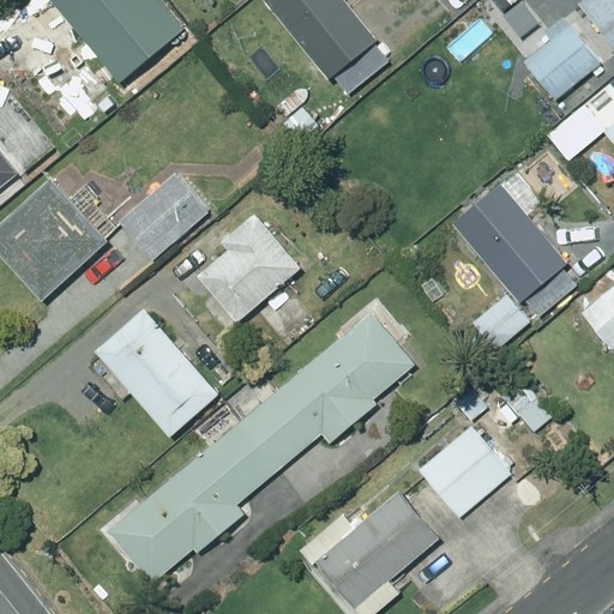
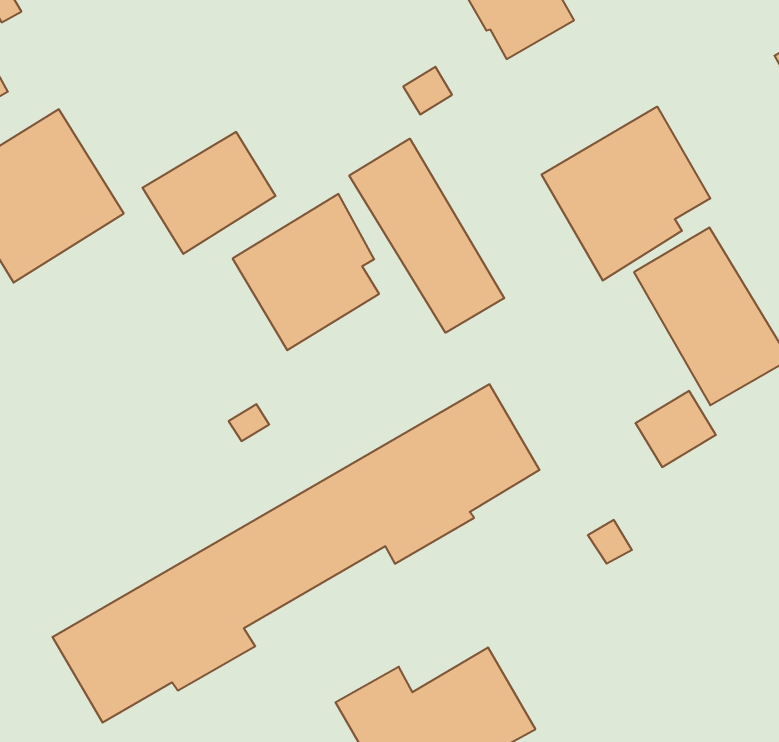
building: none -> [542,107,710,281]
building: none -> [349,139,504,333]
building: [94,309,217,438] -> none
building: [417,428,510,519] -> none

